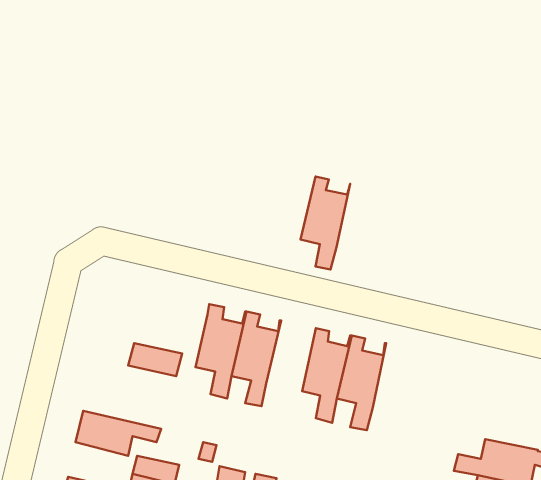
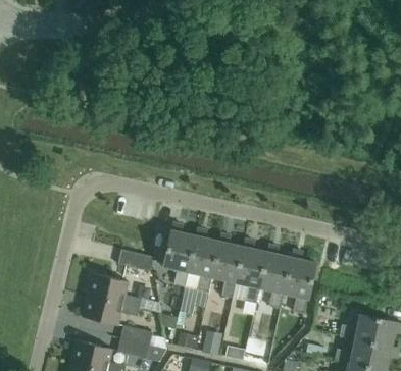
building: [300,176,350,270] -> [211,234,245,298]
building: none -> [284,250,316,314]
building: none -> [87,273,142,308]

